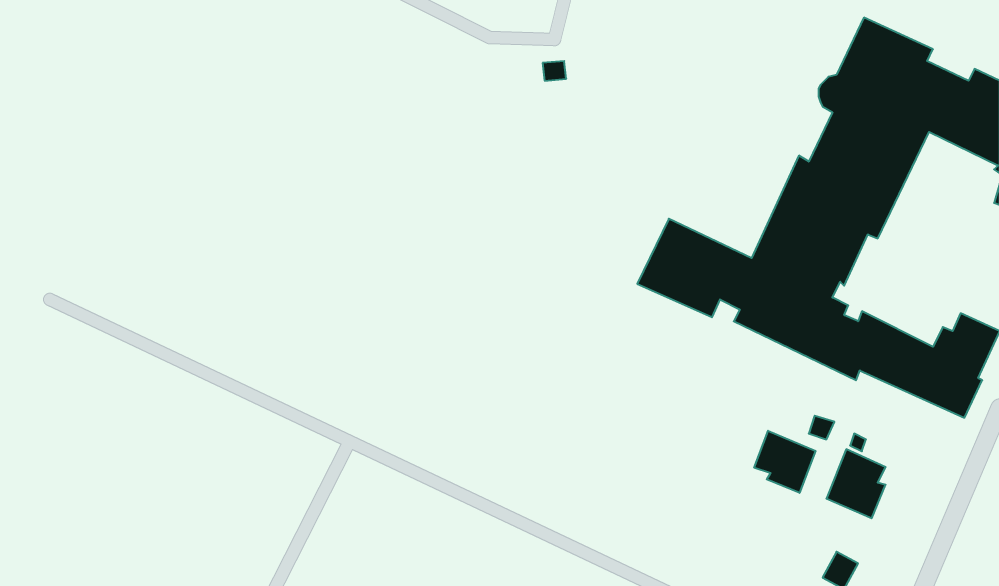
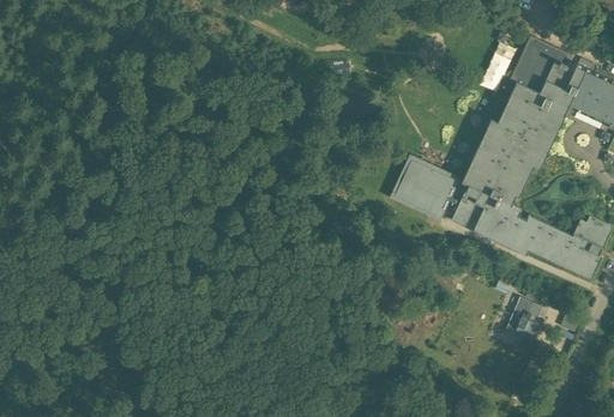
building: [754,431,816,493] -> none

